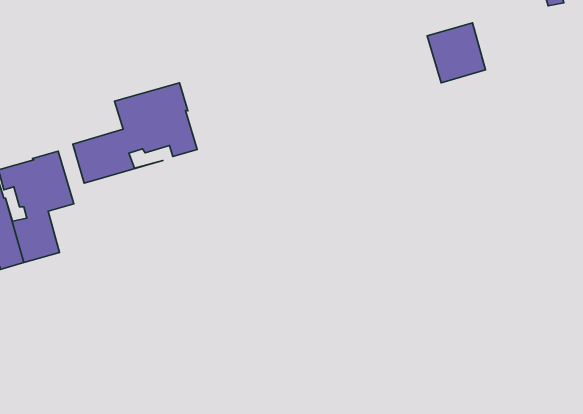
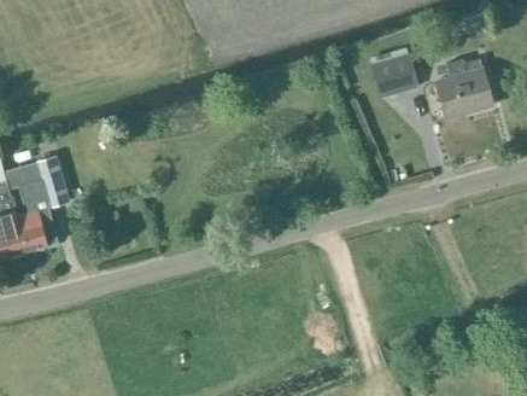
building: none -> [434,60,492,118]
building: [73,83,197,183] -> none

